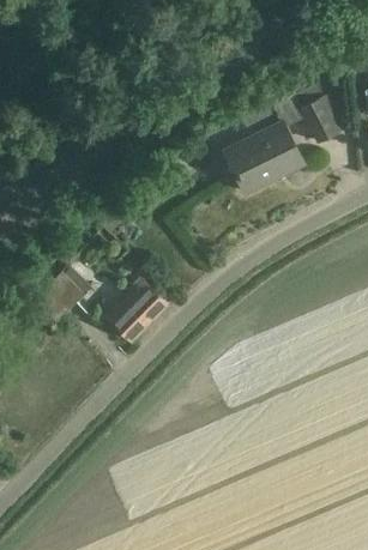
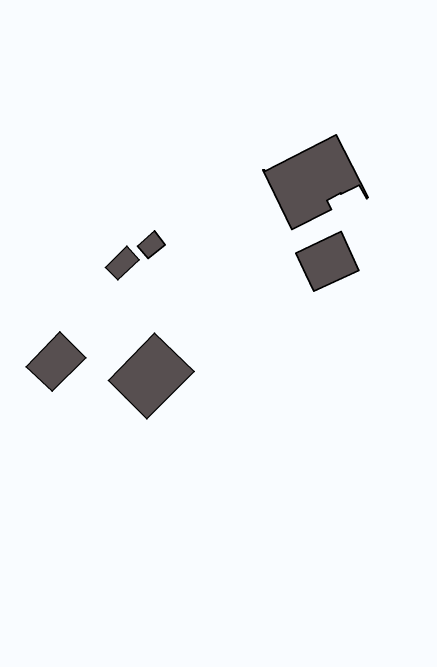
building: [298,90,350,143] -> none
building: none -> [296,232,359,291]

